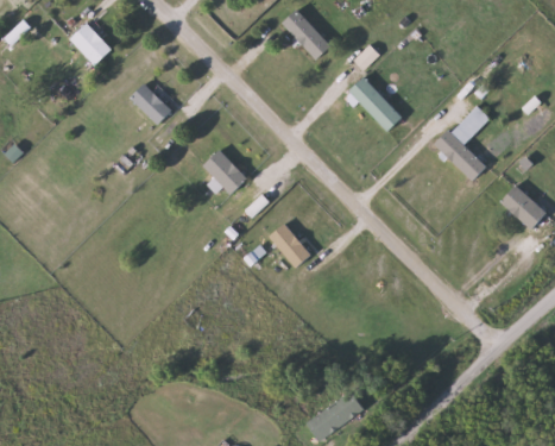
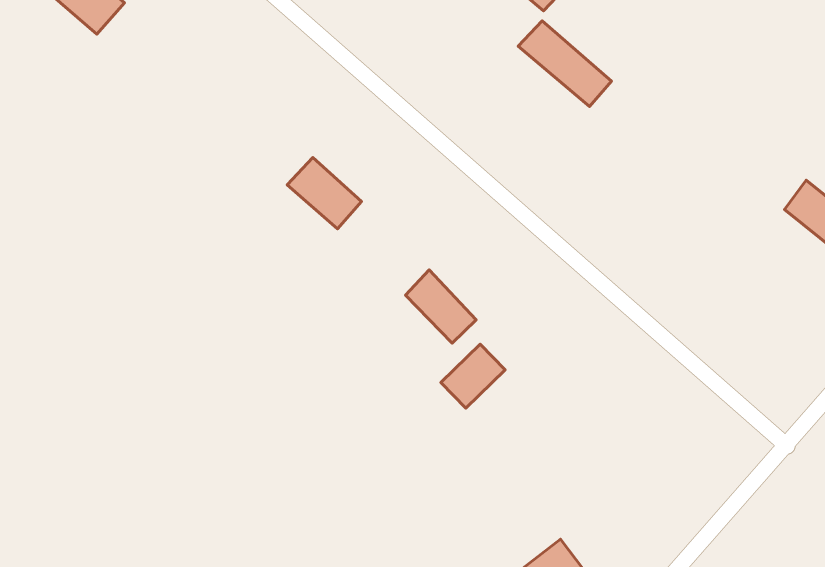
building: [130,82,171,124] -> none
building: [435,103,488,180] -> none
building: none -> [441,344,505,408]

